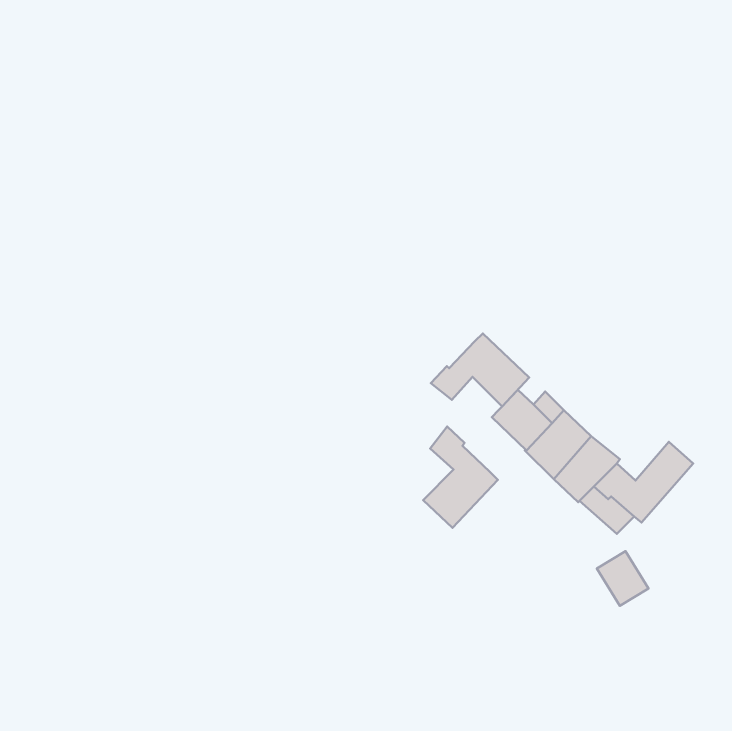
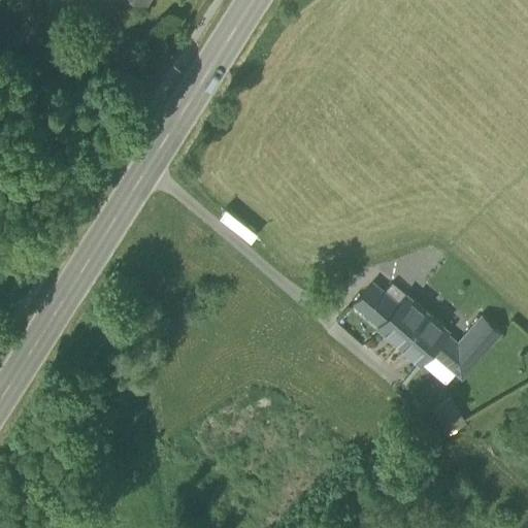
building: [431,333,529,406] -> none
building: [423,427,498,528] -> none

